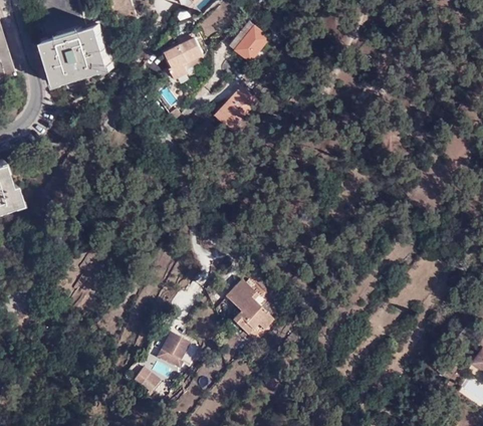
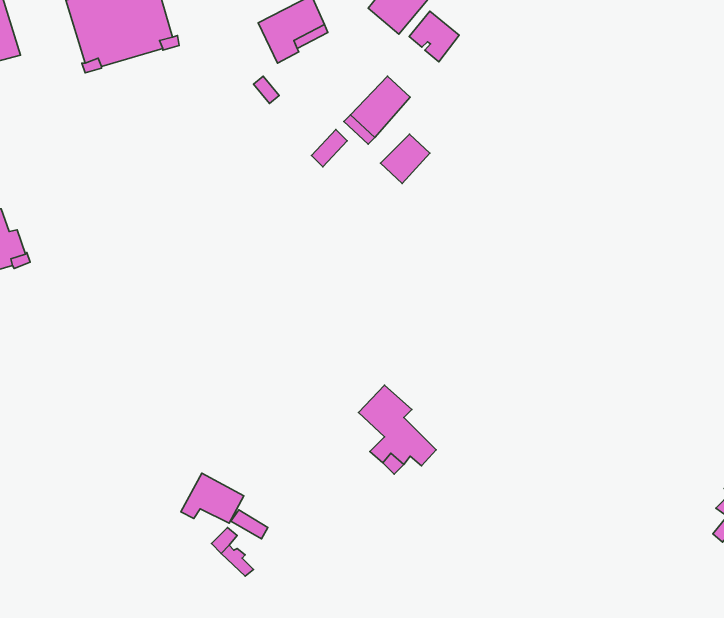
building: none -> [409,11,459,62]
building: none -> [380,134,430,184]
building: [156,331,195,362] -> [181,473,244,523]

